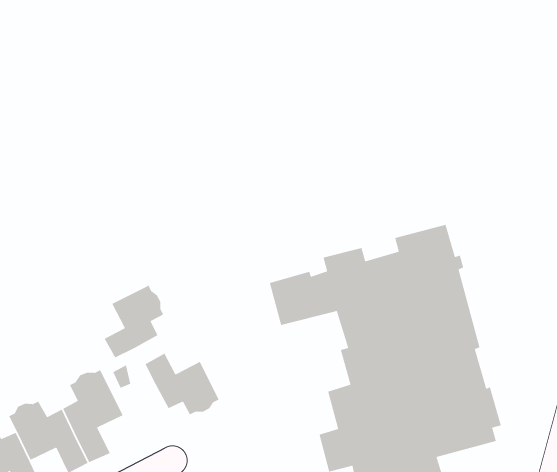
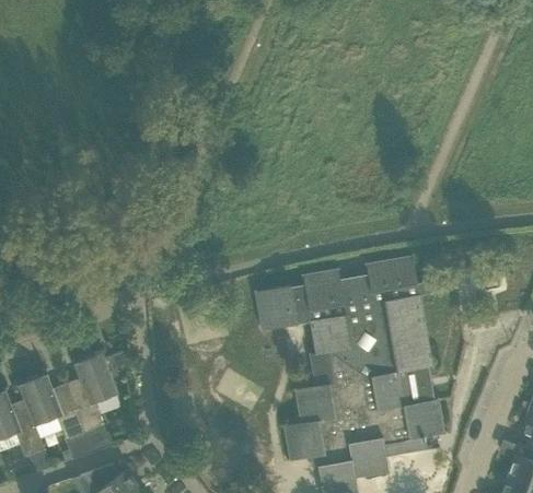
building: [103,285,164,359] -> none
building: [144,352,220,416] -> none

